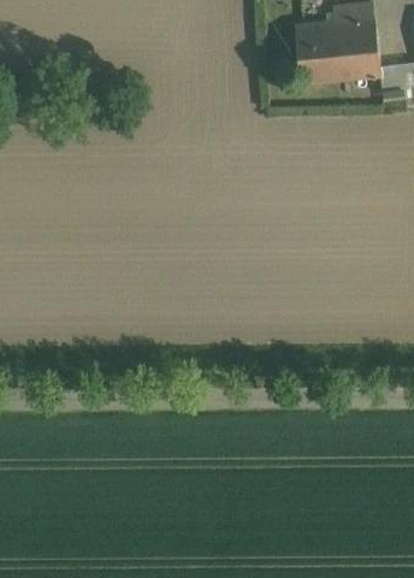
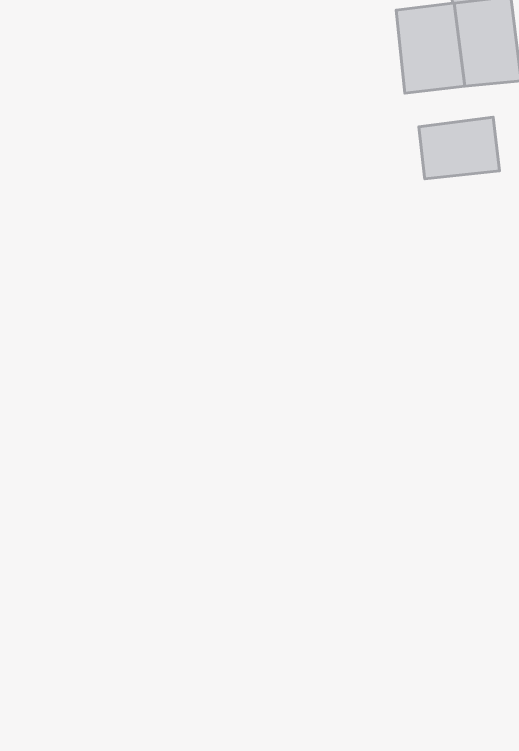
building: none -> [419,117,499,179]

